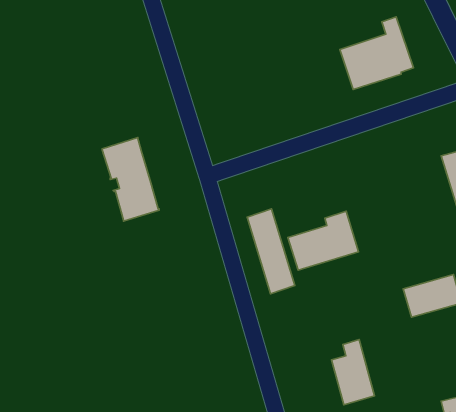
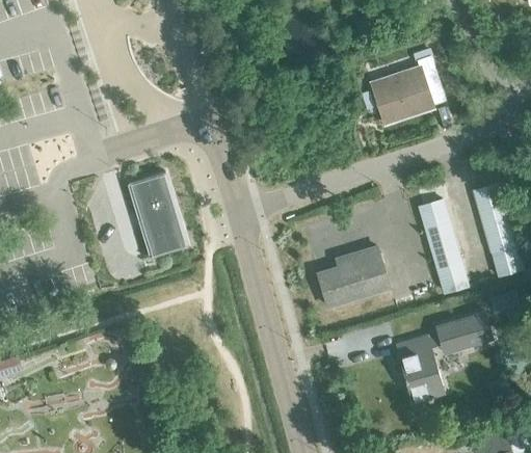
building: none -> [420,201,459,289]
building: [247,209,295,294] -> none
building: [332,339,374,405] -> [400,335,444,401]

